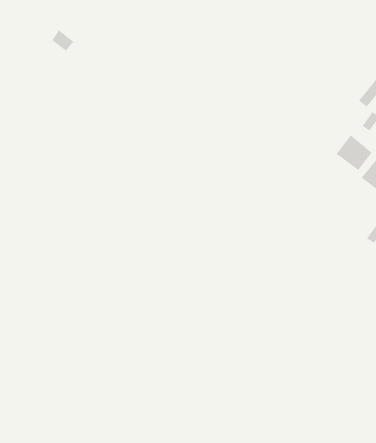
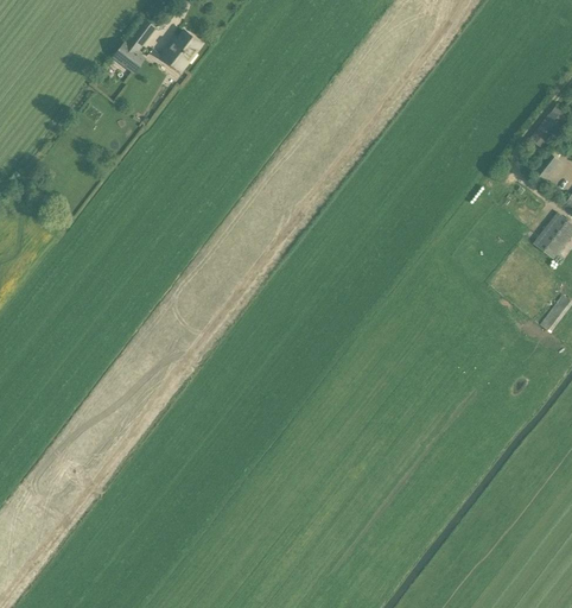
building: none -> [160,30,199,68]
building: [336,135,372,171] -> none

